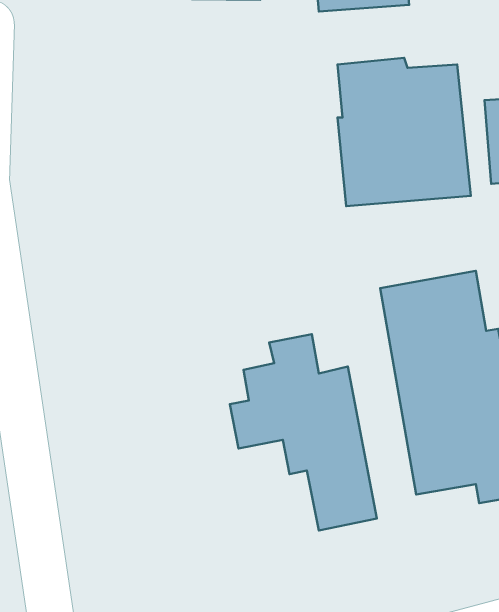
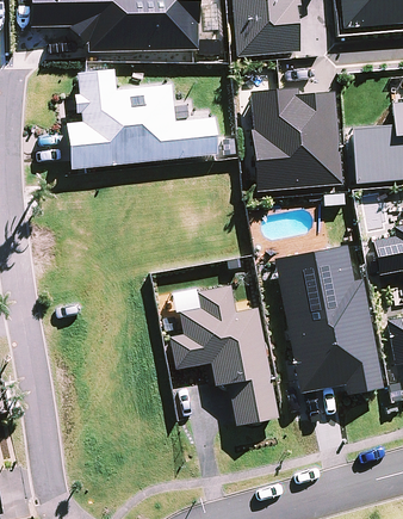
building: none -> [63,72,216,171]

